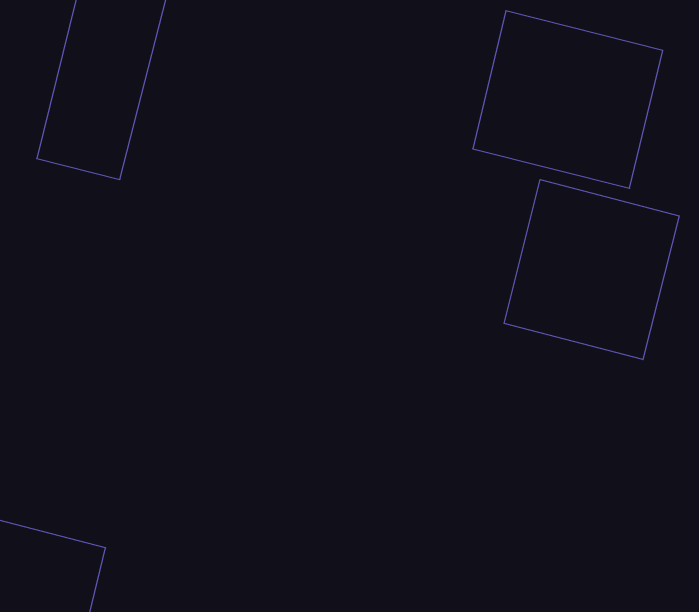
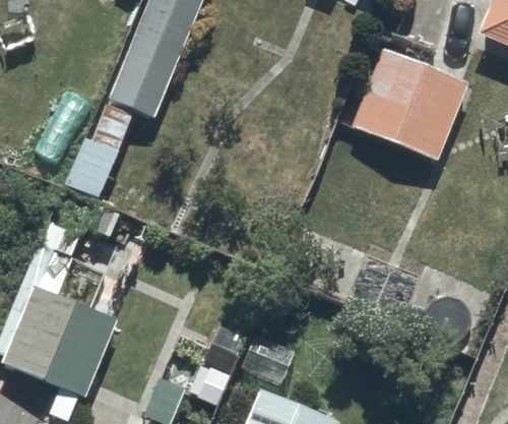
building: [504,180,679,360] -> none

